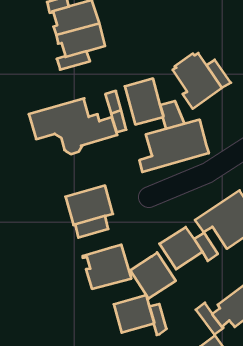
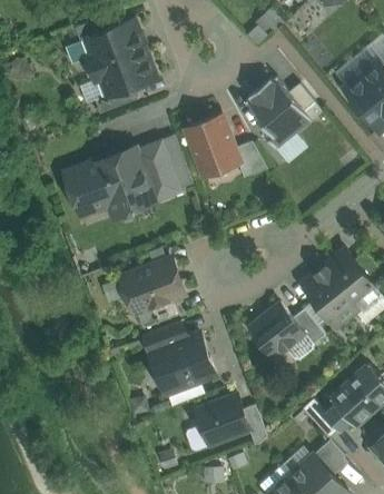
building: none -> [134,141,171,177]
building: [140,120,209,172] -> none
building: none -> [142,322,186,353]
building: [130,252,176,299] -> none

